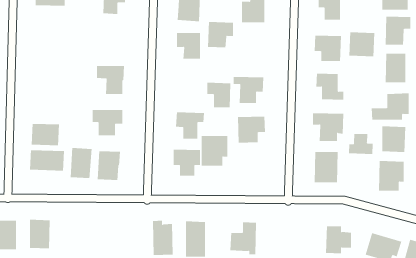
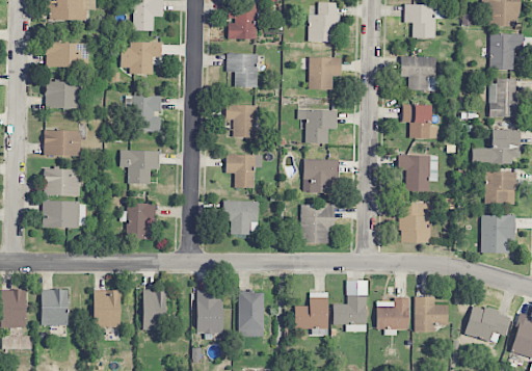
building: [207,22,234,48] -> [309,56,342,89]
building: none -> [121,41,162,74]
building: none -> [47,44,83,67]
building: [349,31,375,57] -> none
building: none -> [46,80,81,107]
building: [207,82,231,108] -> [225,104,257,136]
building: none -> [44,130,82,155]
building: [349,133,373,155] -> none
building: [201,136,228,166] -> [300,204,335,242]
building: [70,147,92,179] -> none
building: none -> [334,280,368,332]
building: none -> [142,288,166,328]
building: none -> [94,289,121,326]
building: none -> [376,299,408,328]

